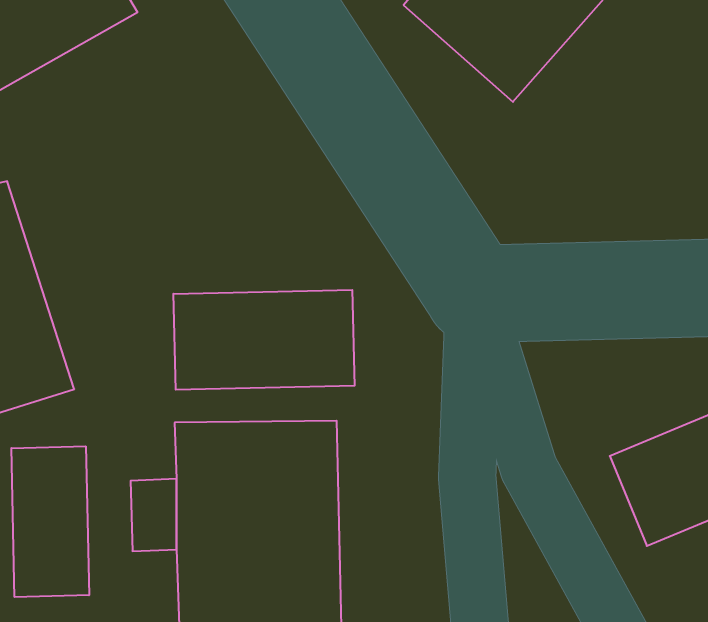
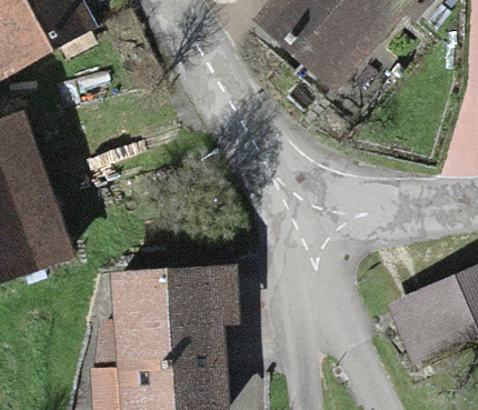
building: [173,290,355,390] -> none
building: [11,446,89,597] -> none

